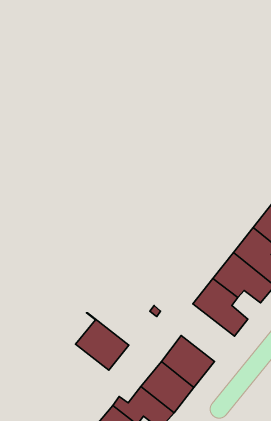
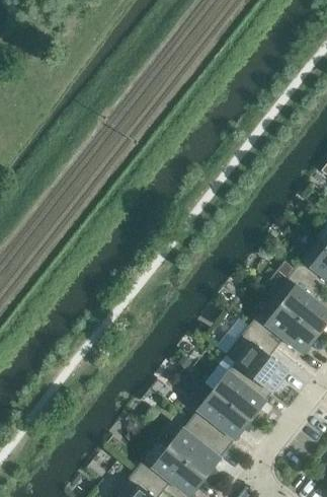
building: [76,313,129,370] -> [213,355,272,420]

